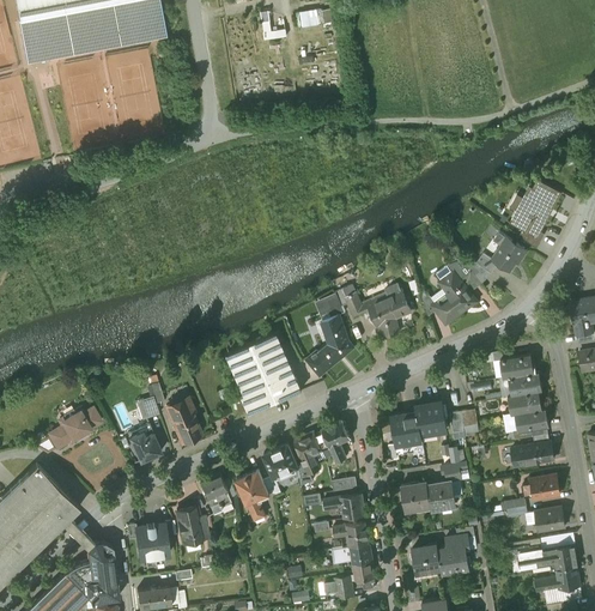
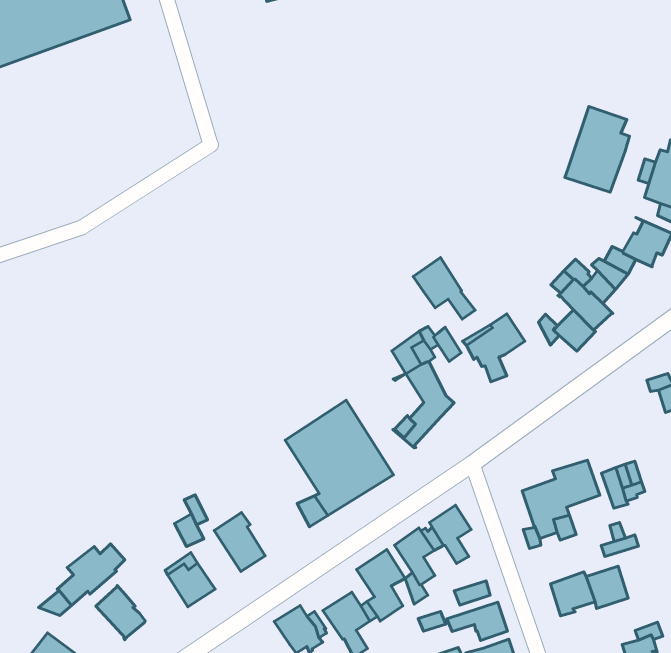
building: none -> [565,107,630,192]
building: none -> [413,257,475,319]
building: none -> [96,585,145,640]

